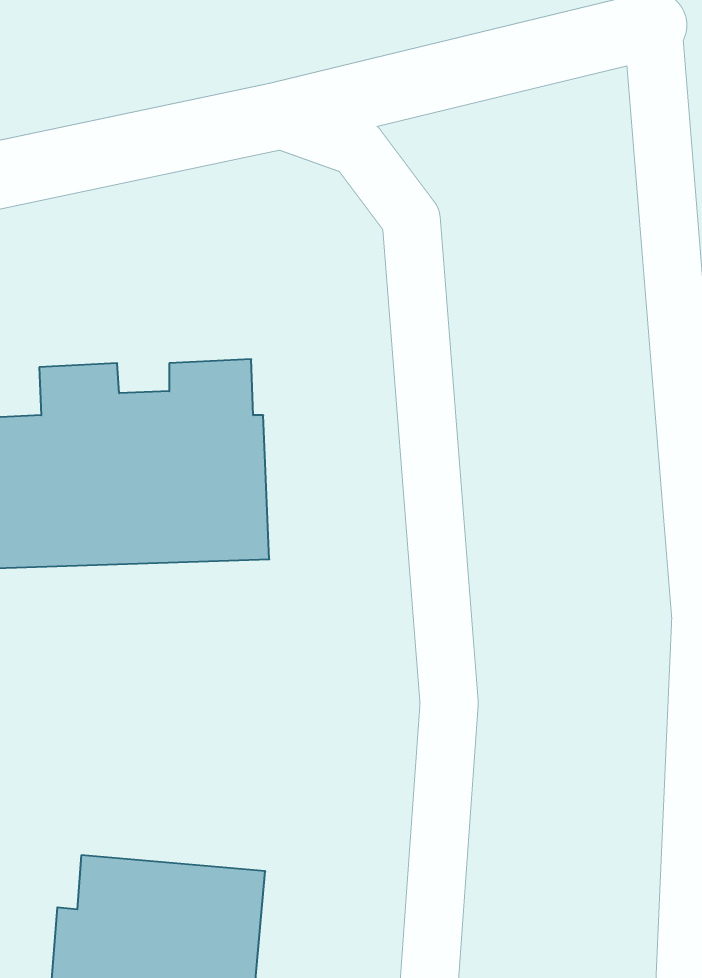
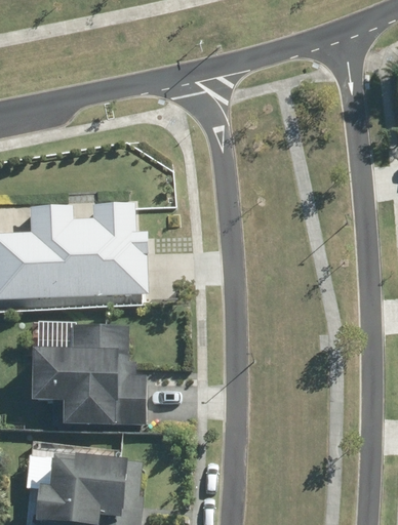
building: none -> [32,326,147,425]

